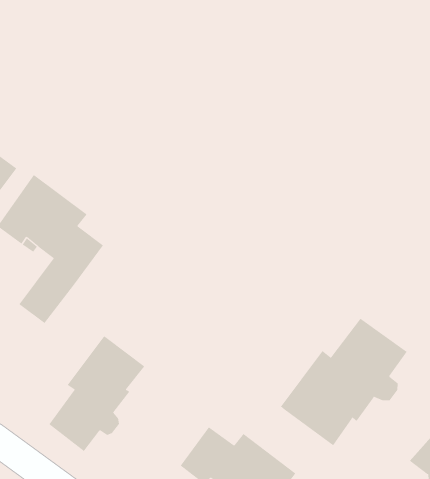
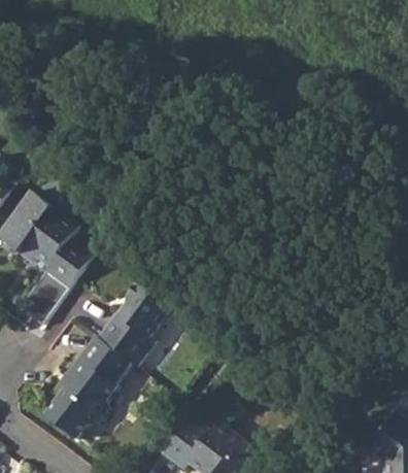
building: none -> [96,282,172,368]
building: [280,318,407,446] -> none

